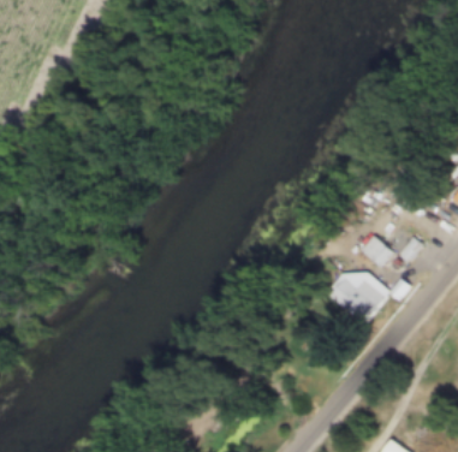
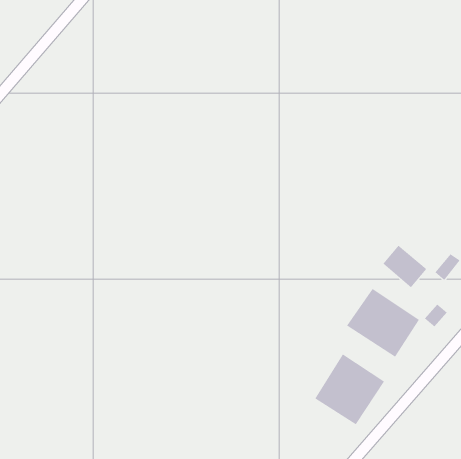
building: none -> [314,353,385,425]

